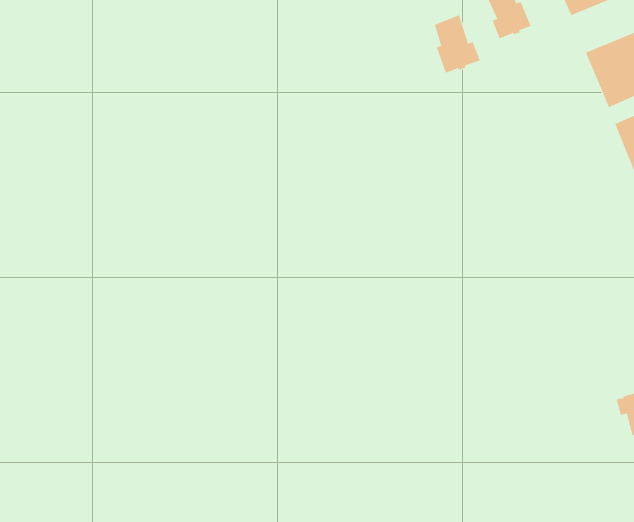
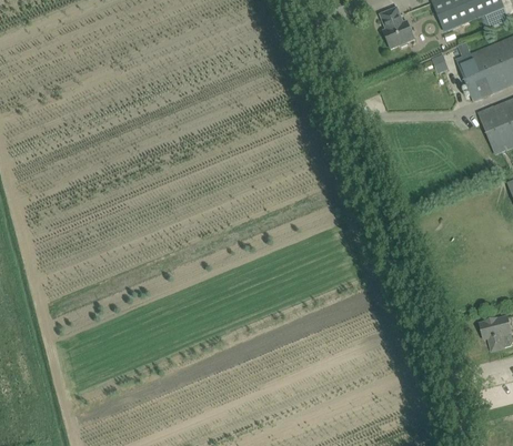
building: [434,15,481,74] -> none

